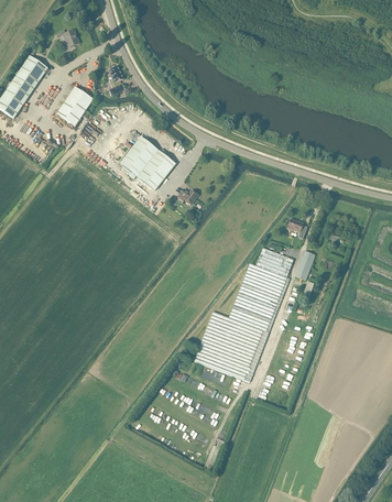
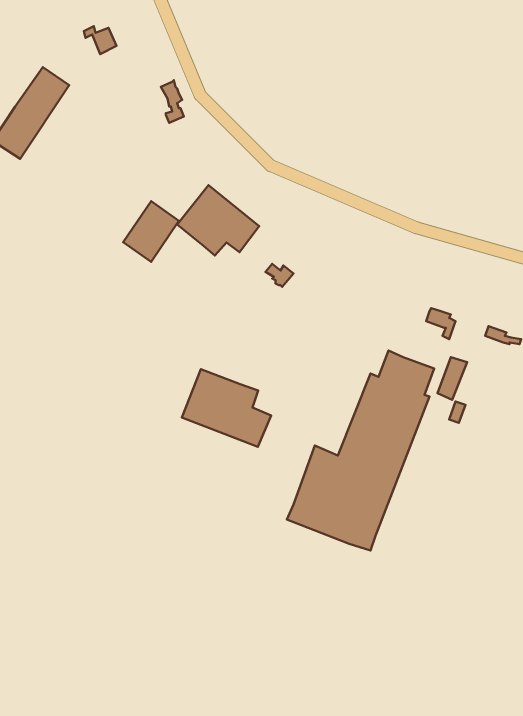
building: [56,86,94,127] -> [123,201,179,262]
building: none -> [182,369,271,447]

